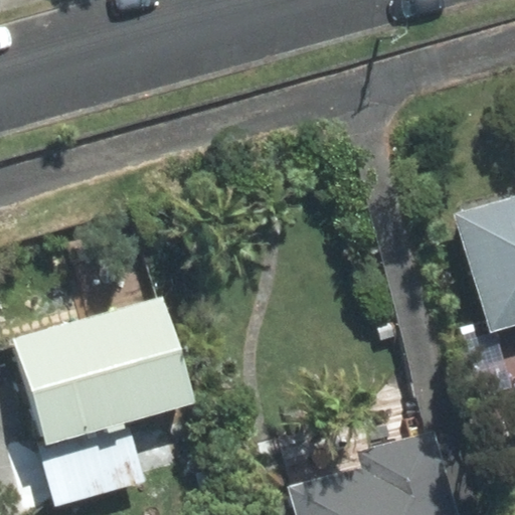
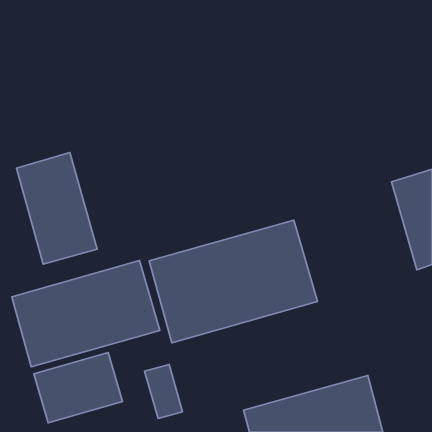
building: none -> [16,153,97,264]
building: none -> [149,220,317,343]

